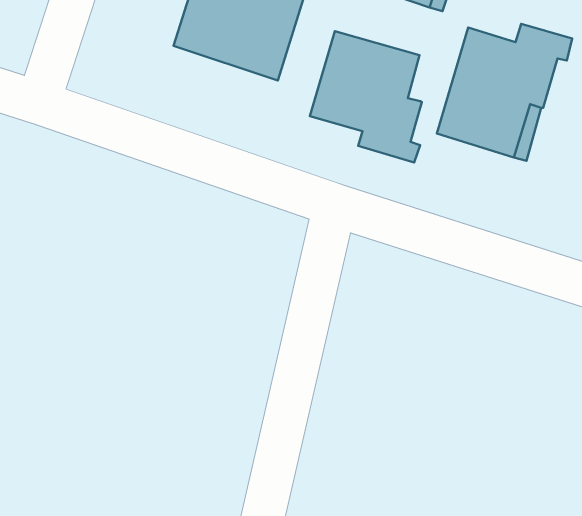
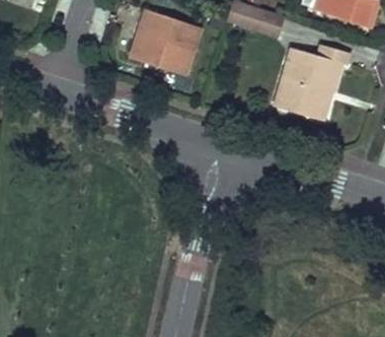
building: [310,31,422,162] -> none

